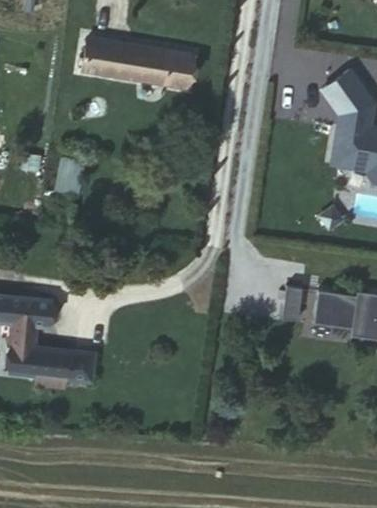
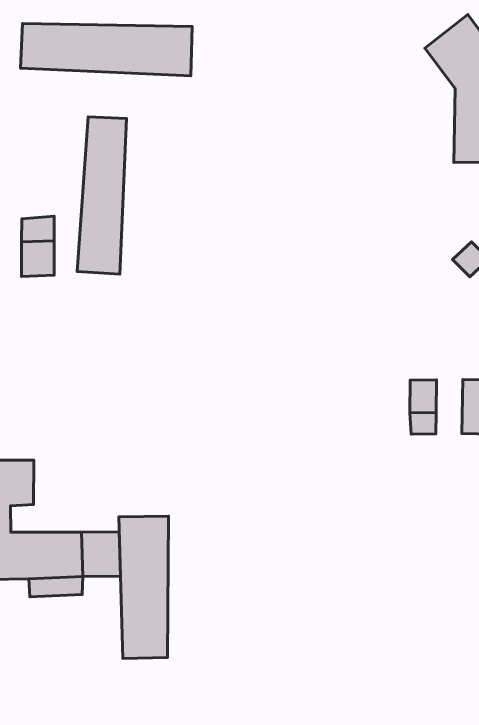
building: none -> [77,117,127,274]
building: none -> [119,516,169,659]

